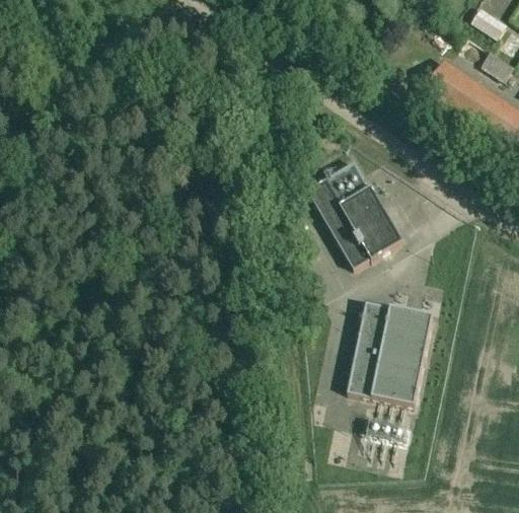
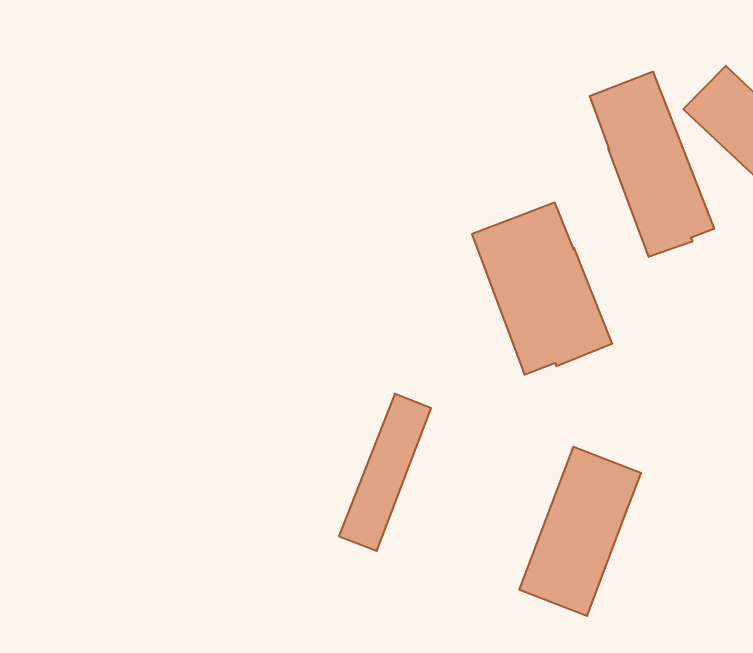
building: none -> [590,72,714,257]
building: [347,300,389,396] -> [339,394,431,551]

